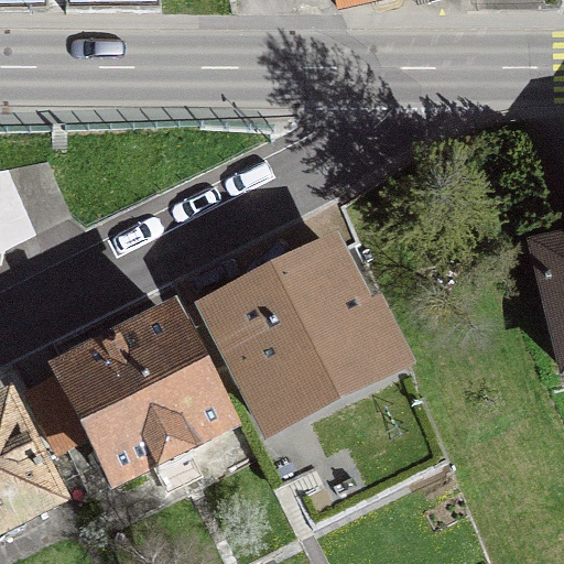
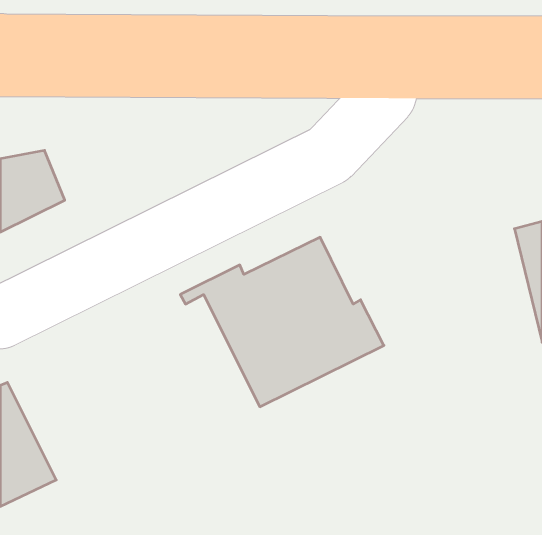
building: [30,315,228,480] -> none

